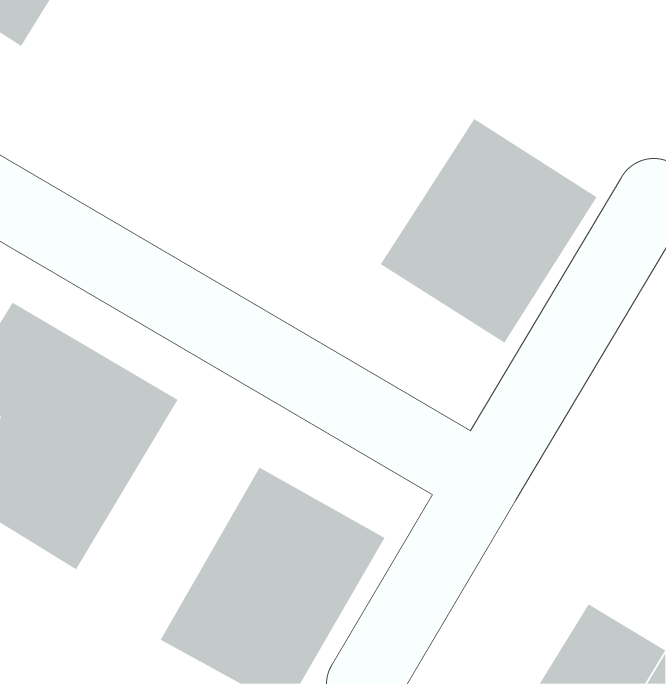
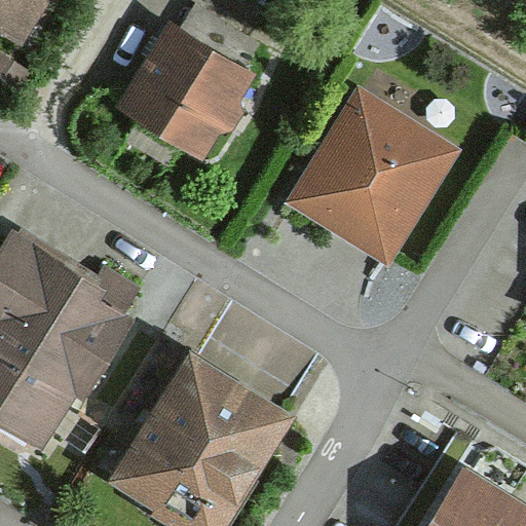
building: none -> [116,28,254,162]

